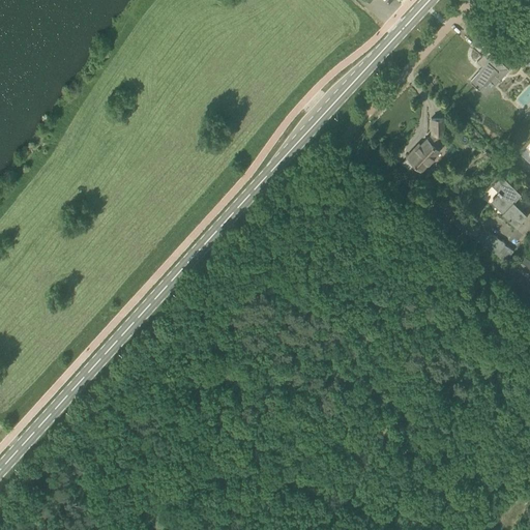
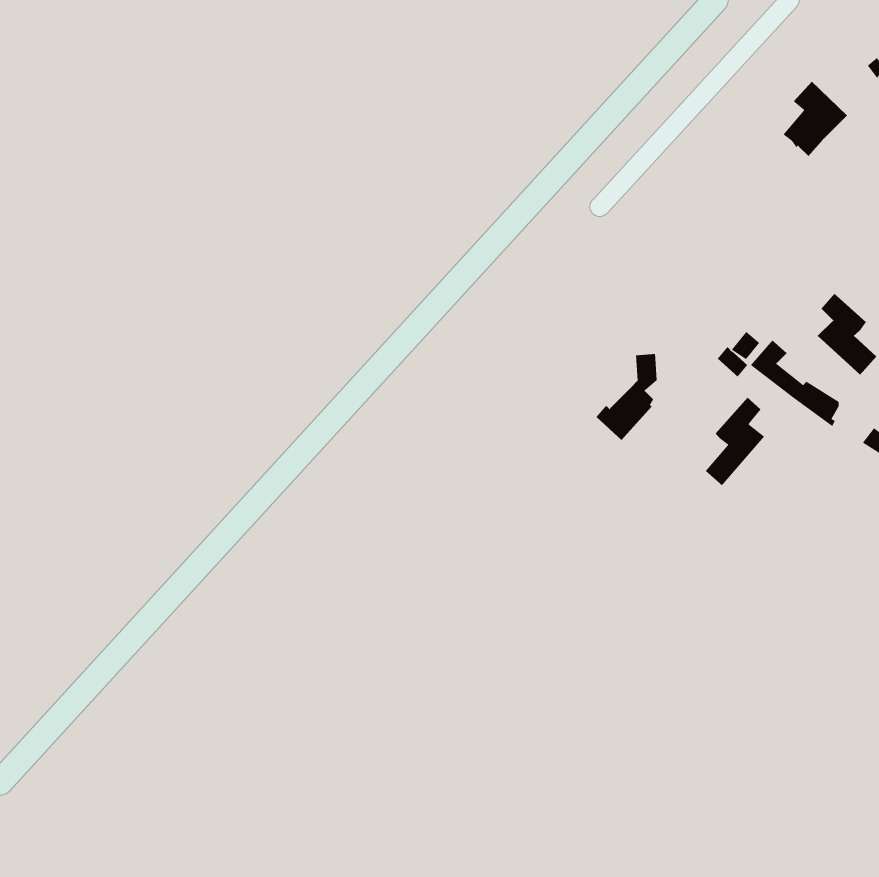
building: [408,120,445,173] -> [596,353,658,441]
building: none -> [705,397,765,486]

